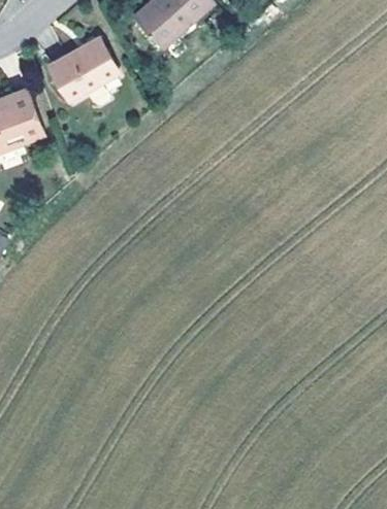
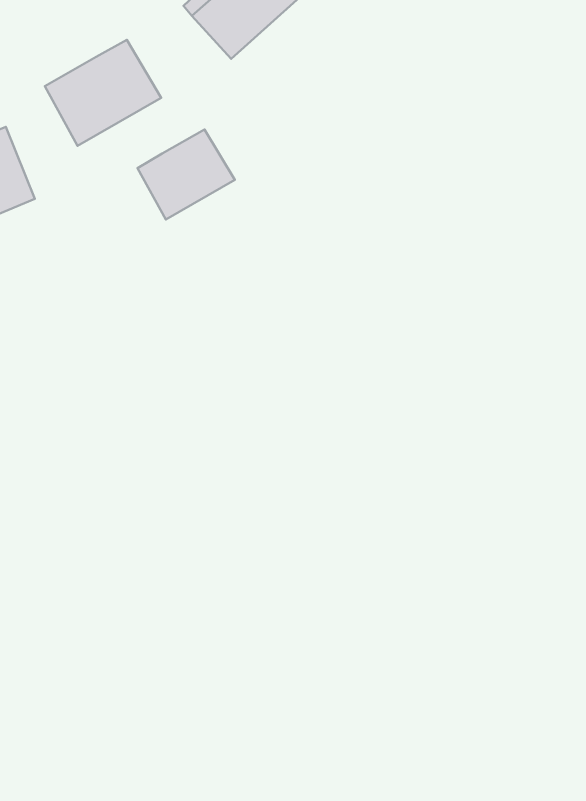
building: none -> [137,129,235,219]

